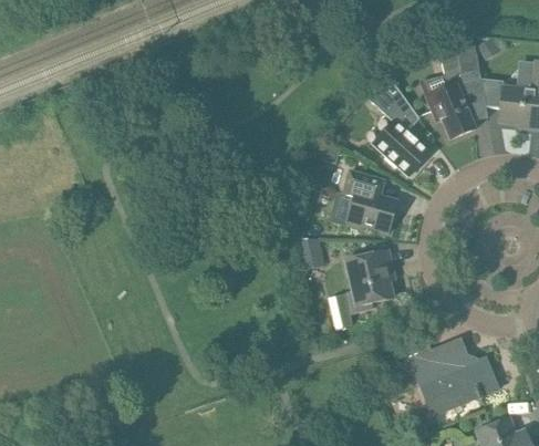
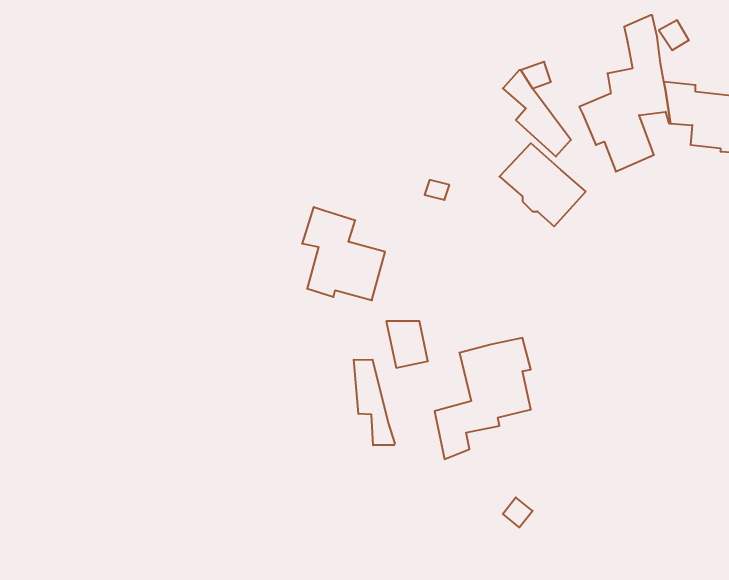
building: [342,169,397,231] -> [302,207,385,300]
building: none -> [354,360,395,445]
building: [398,335,498,405] -> none

